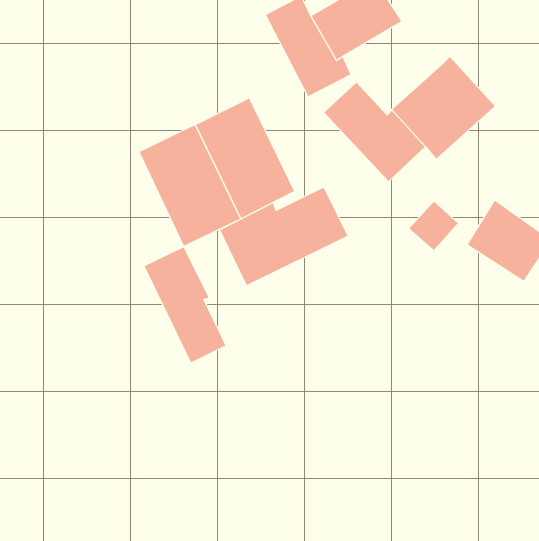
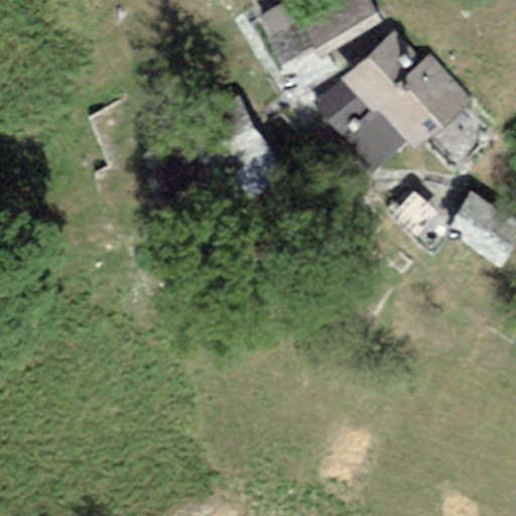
building: none -> [342,28,424,109]
building: [220,187,348,286] -> none
building: [144,246,226,363] -> none

